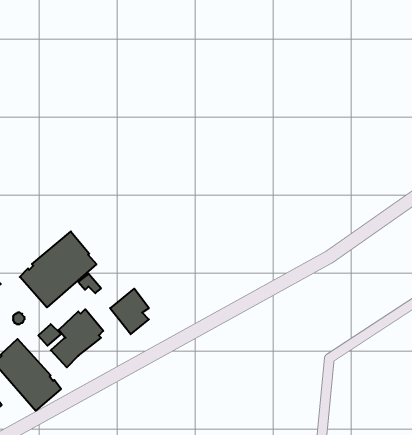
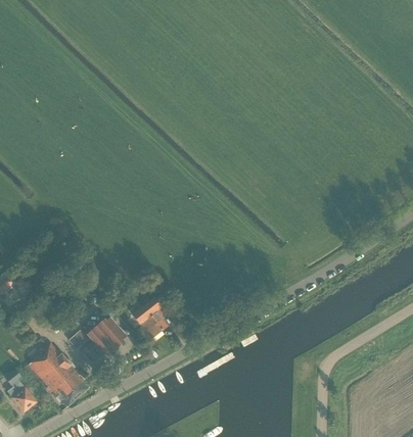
building: [20,231,96,307] -> none

